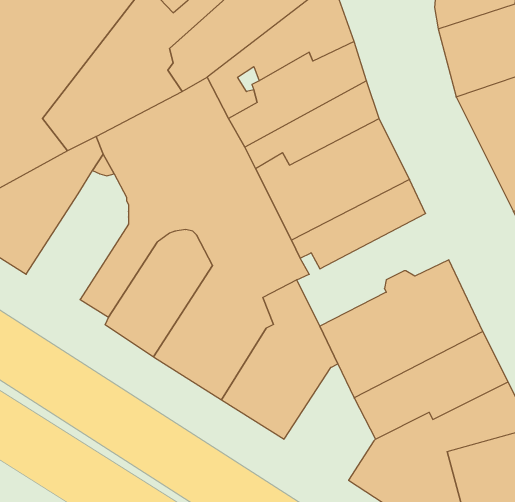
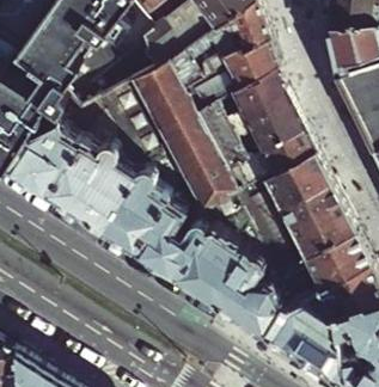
building: none -> [51,145,120,220]
building: none -> [232,158,334,233]
building: none -> [224,258,285,336]

